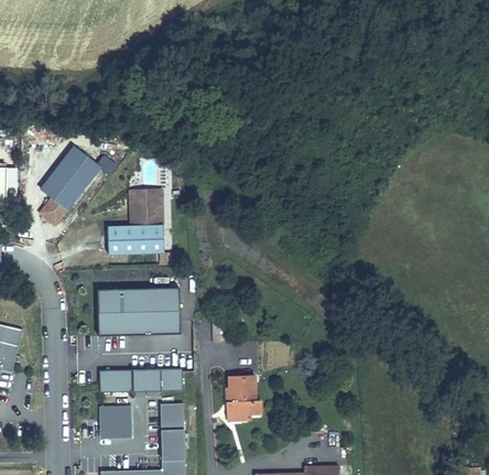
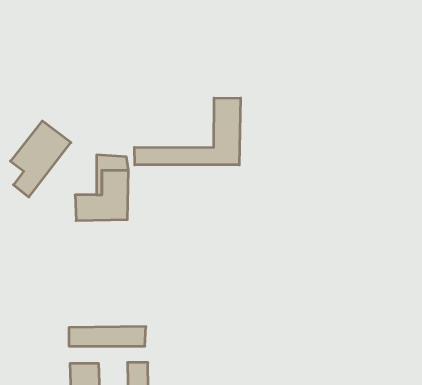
building: none -> [134,98,241,165]
building: [97,285,175,332] -> none
building: [222,369,258,414] -> none

